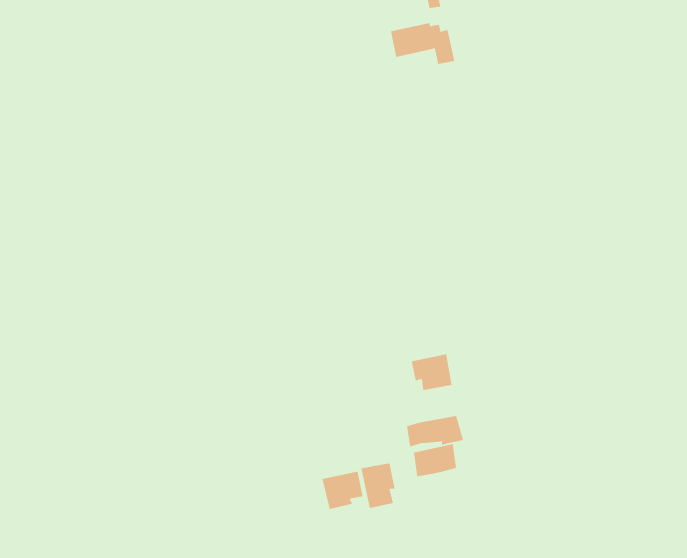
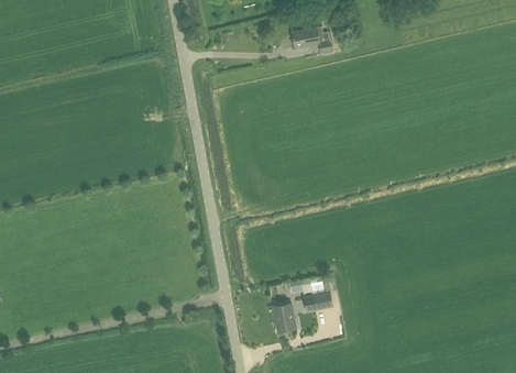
building: [411,353,452,391] -> none
building: [322,471,363,510] -> none

